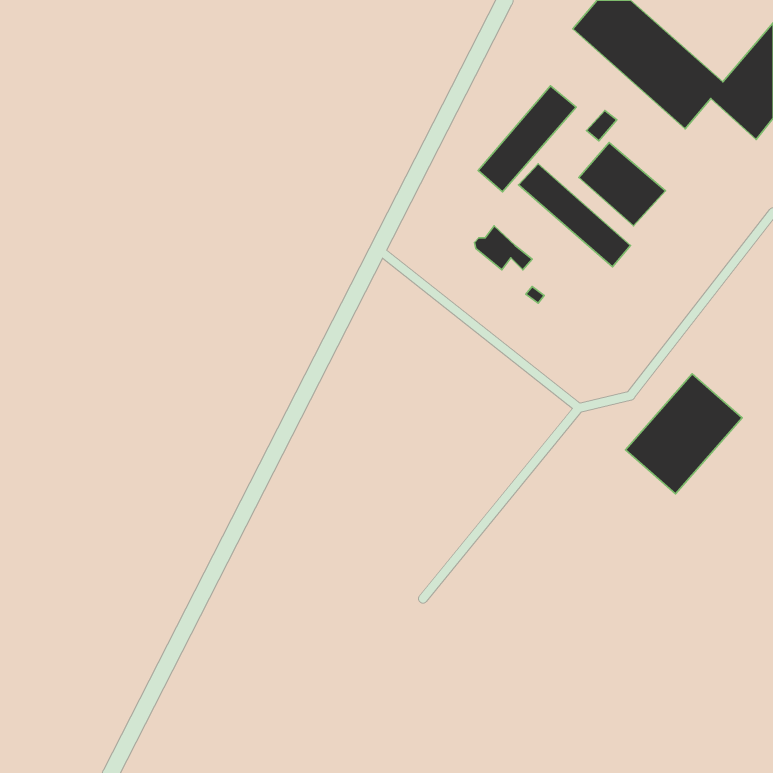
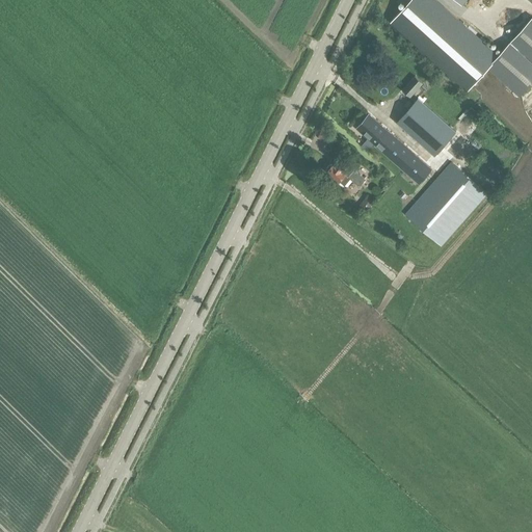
building: [478,86,576,192] -> none
building: [626,374,742,494] -> [406,163,486,245]

